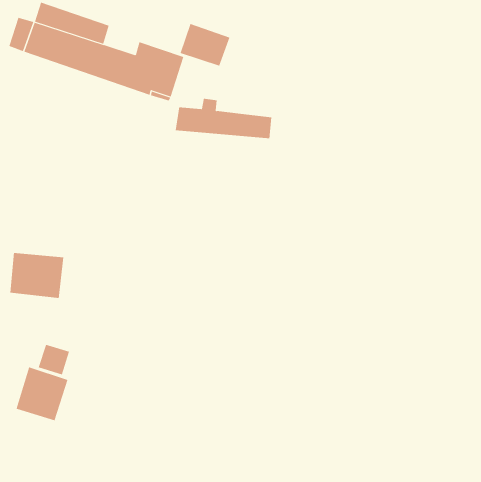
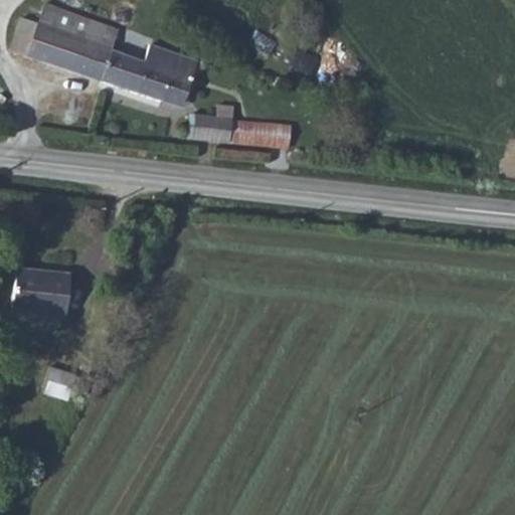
building: [180,23,230,67] -> none
building: [16,366,68,421] -> none

